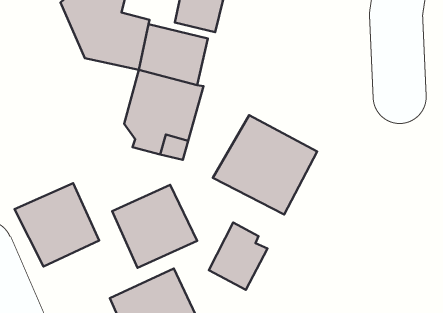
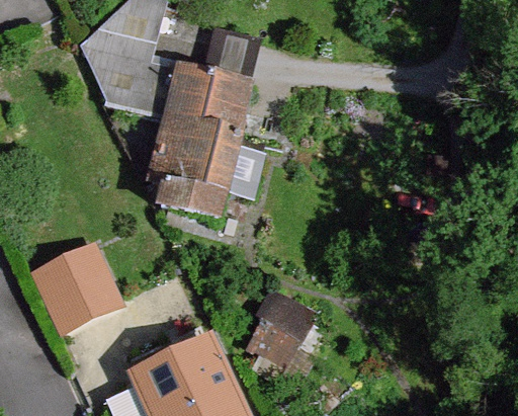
building: [213,115,317,215] -> none
building: [112,185,197,268] -> none

